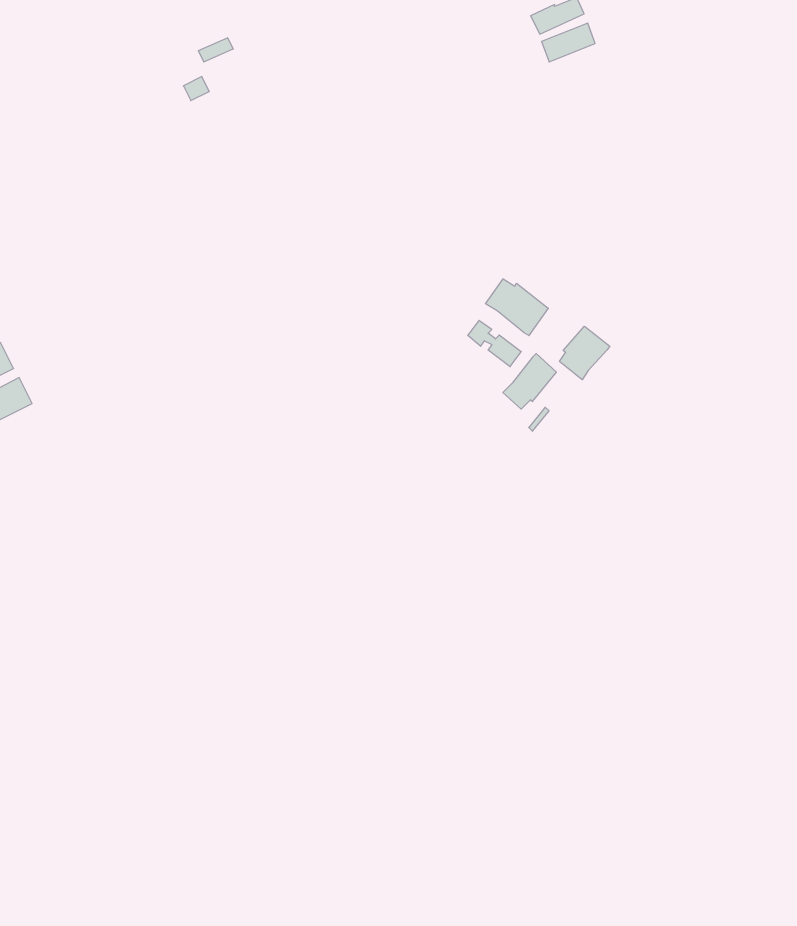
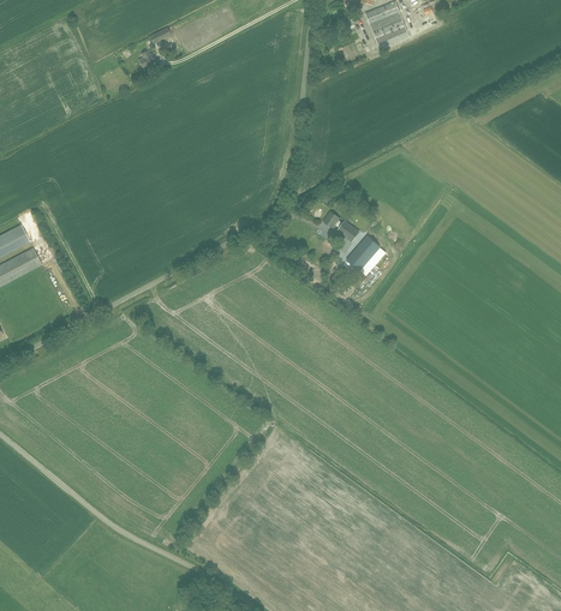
building: [485,279,548,336] -> none
building: [560,326,610,380] -> none

